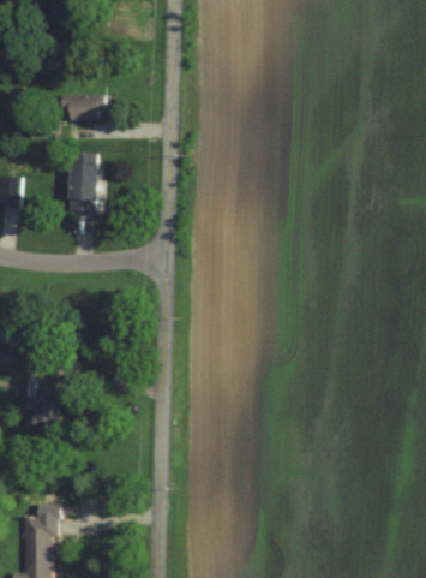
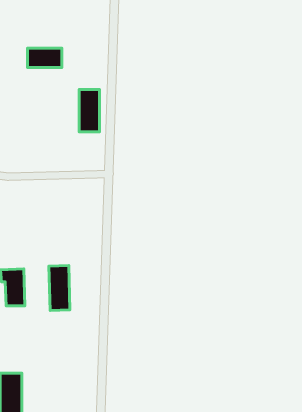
building: [70,154,96,209] -> [79,89,100,132]
building: none -> [49,266,70,310]

